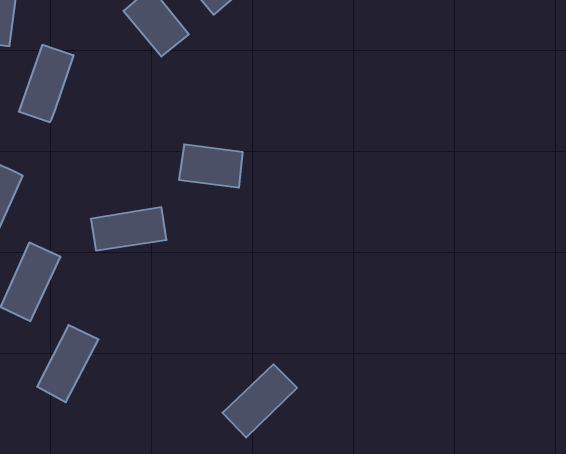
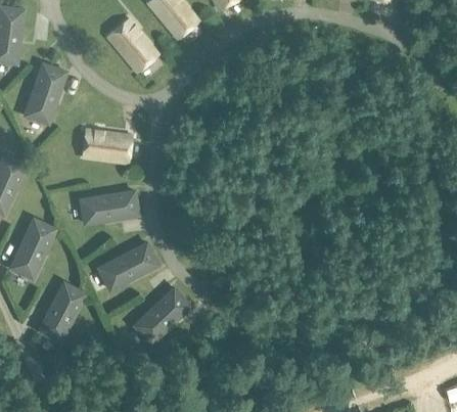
building: [179,144,243,188] -> [80,130,130,164]
building: none -> [97,242,158,291]
building: [222,364,297,438] -> [133,287,191,345]

